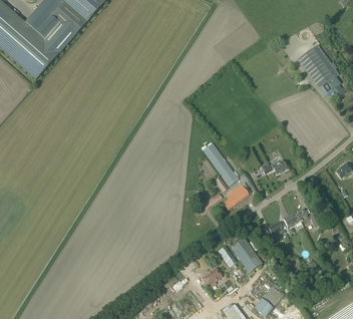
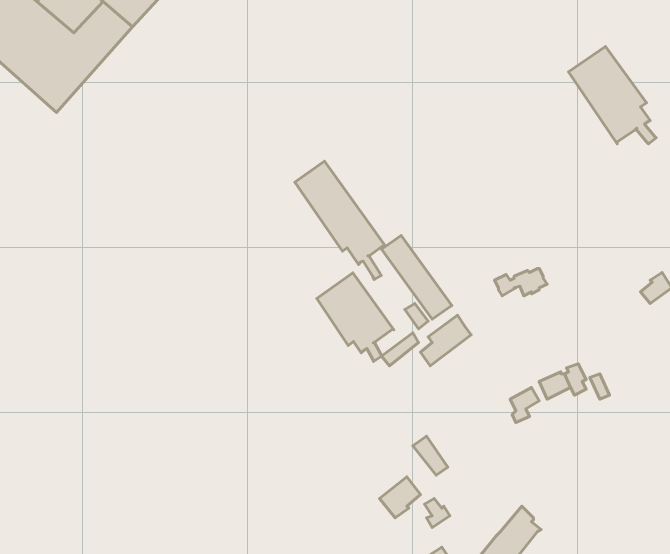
building: none -> [295,161,386,280]
building: none -> [317,273,394,361]
building: [232,239,262,274] -> none

